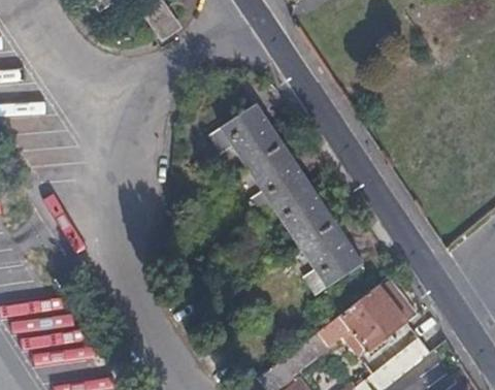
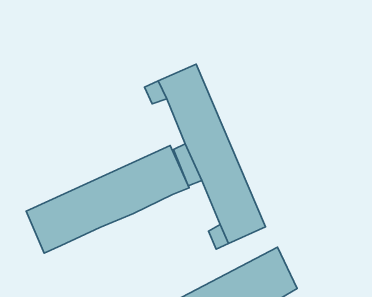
building: none -> [26,145,189,253]

